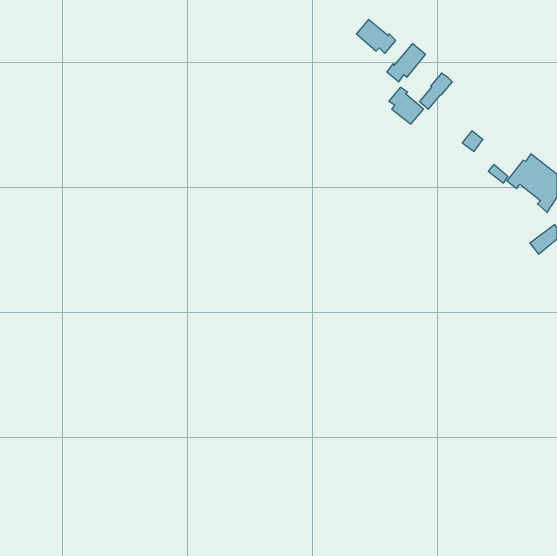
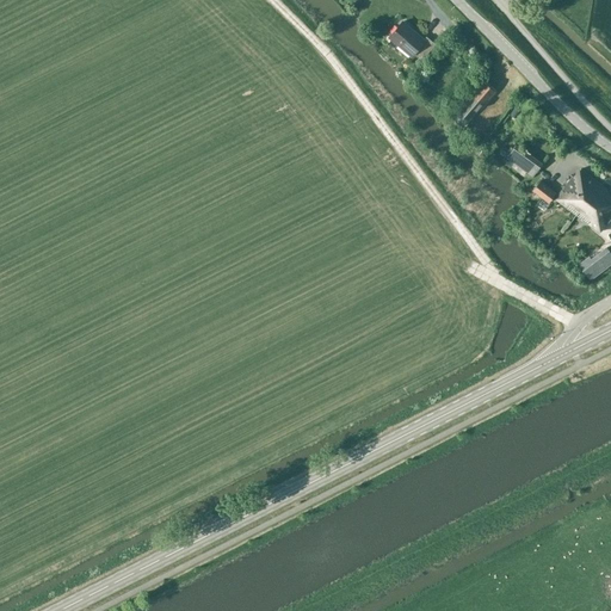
building: [387,44,425,82] -> none
building: [389,87,423,124] -> none

